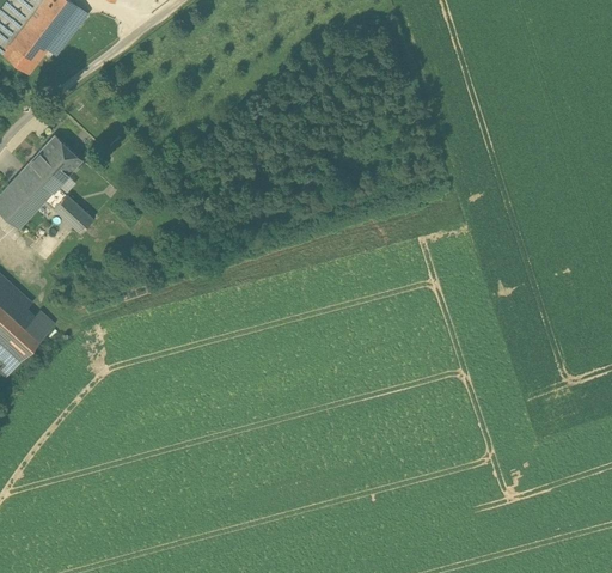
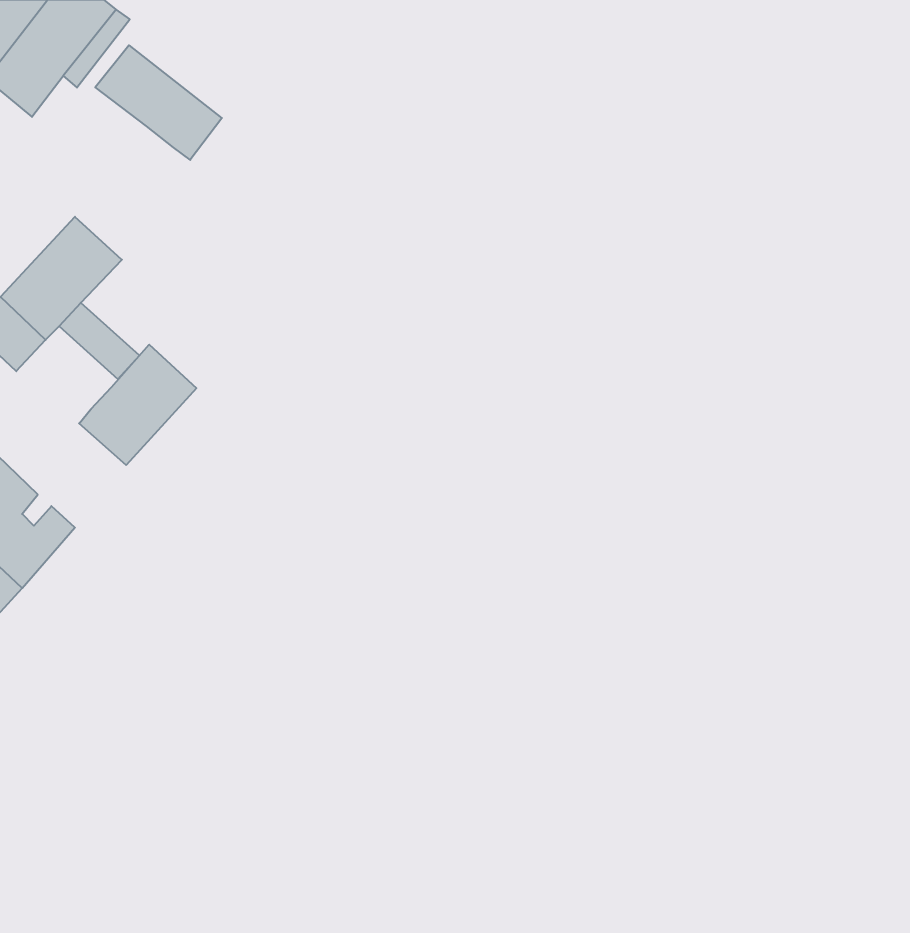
building: none -> [95,45,222,160]
building: none -> [79,345,196,465]

